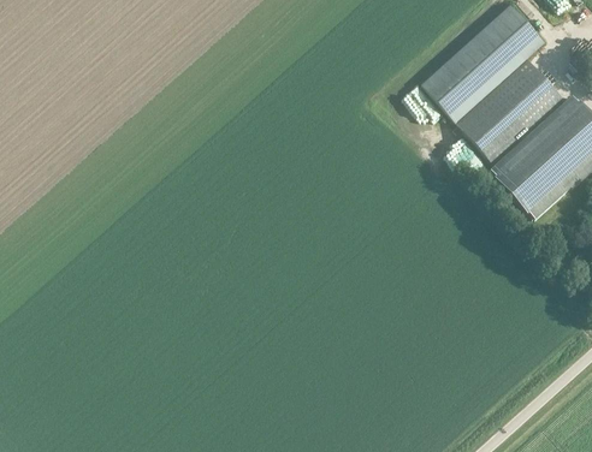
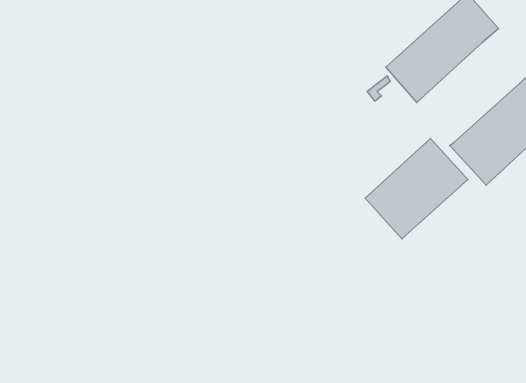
building: [456,58,568,167] -> [365,139,468,239]

